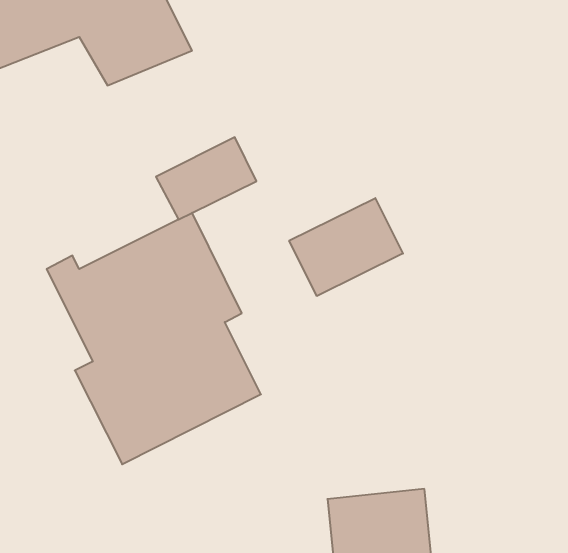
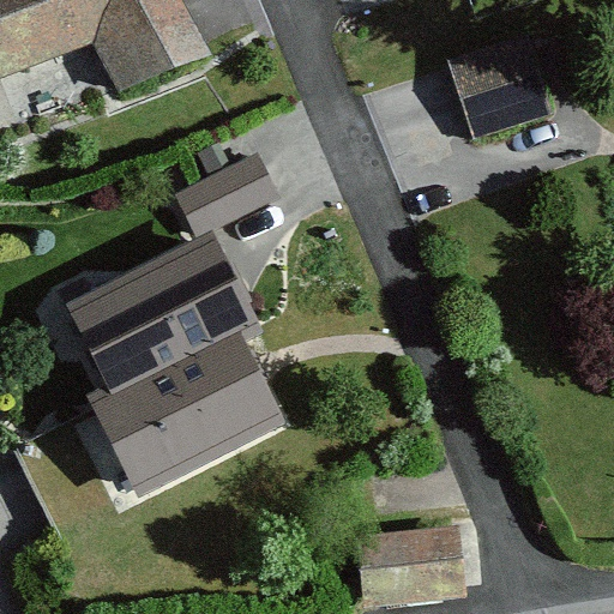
building: none -> [447,32,552,137]
building: [289,198,403,296] -> none

